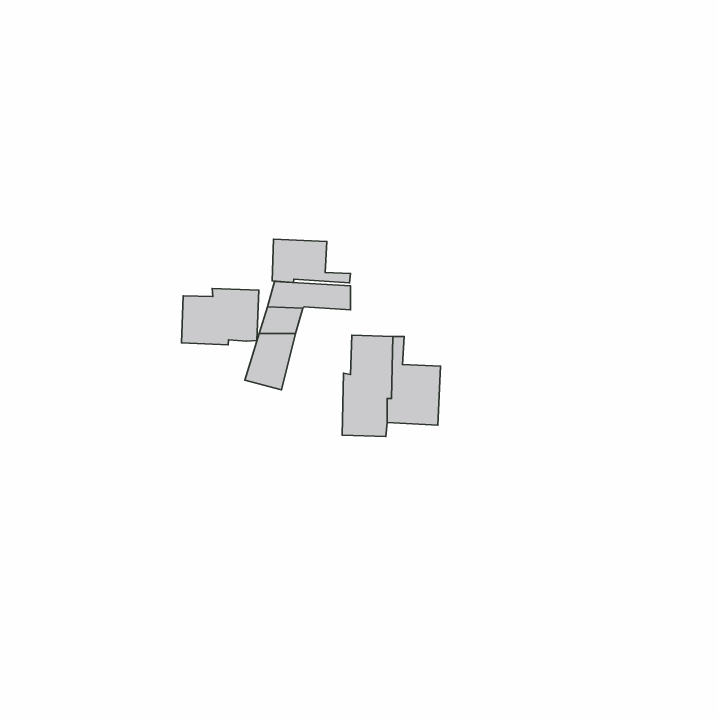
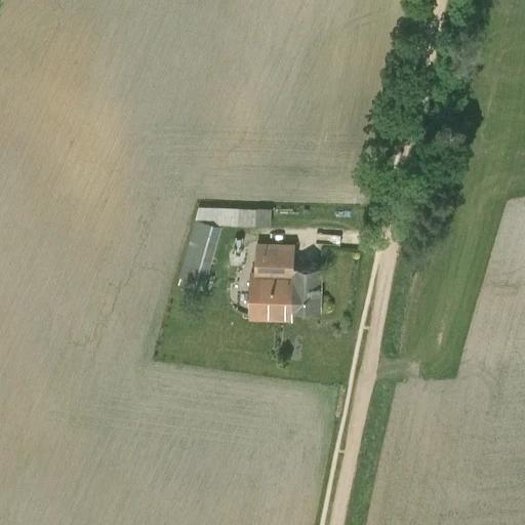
building: [272,239,350,283] -> none
building: [182,288,259,345] -> none

